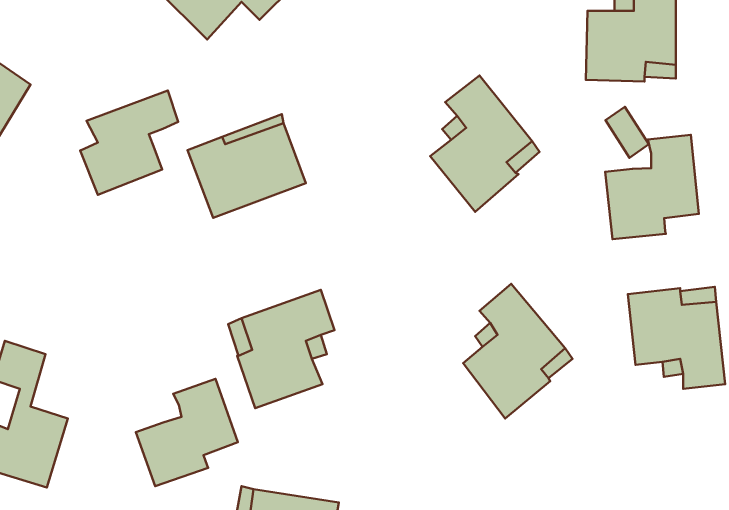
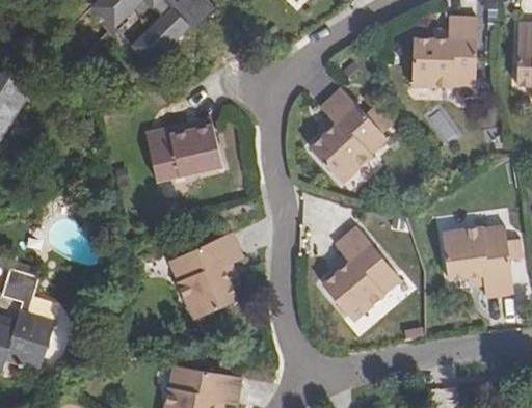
building: [80,90,178,195] -> none
building: [605,135,699,239] -> none
building: [136,379,238,486] -> none

